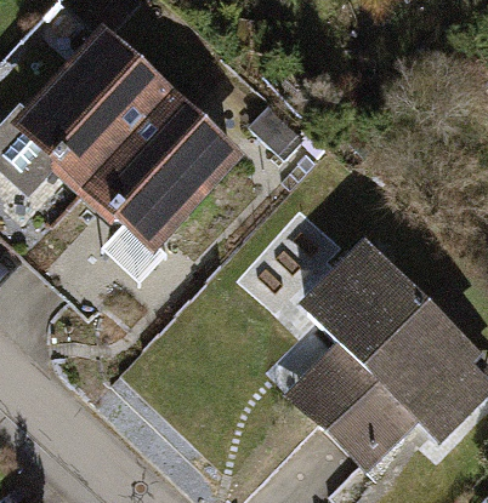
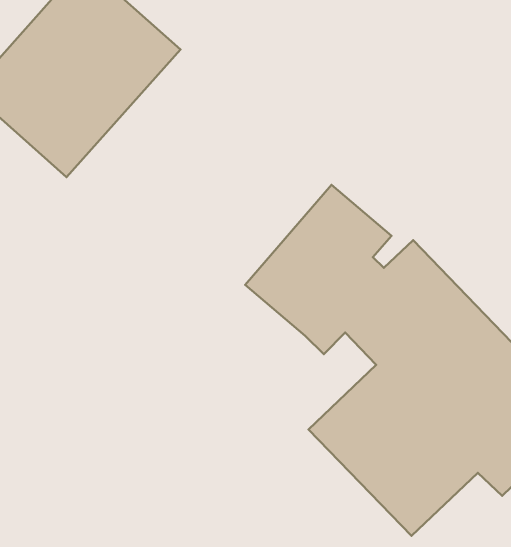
building: [90,91,249,253] -> none

